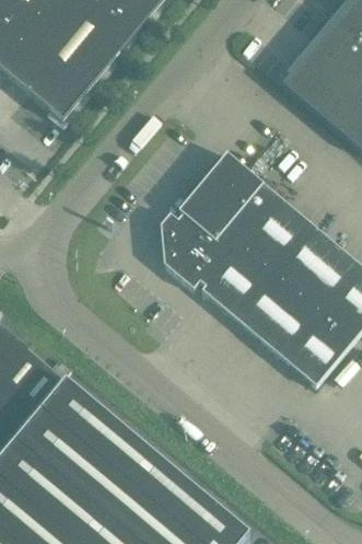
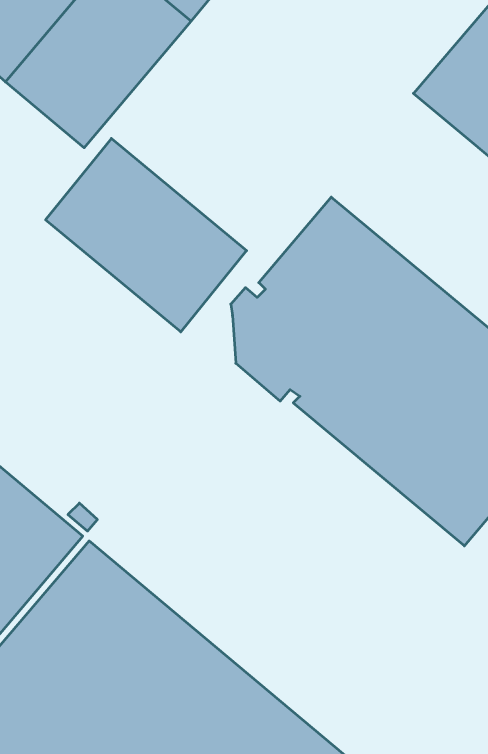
building: none -> [46,138,247,332]

